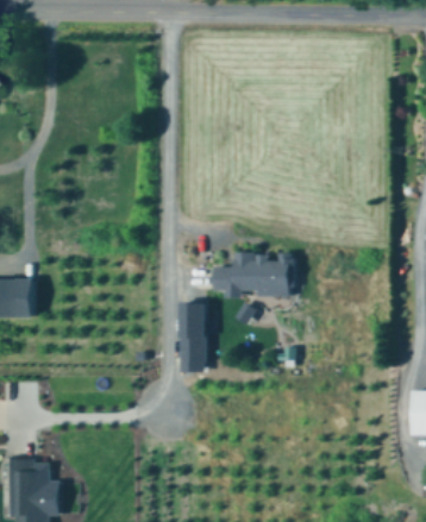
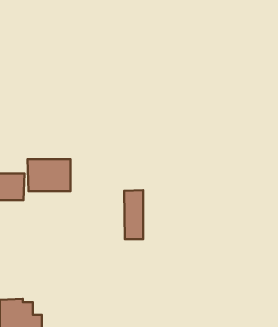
building: [218,253,299,298] -> none
building: none -> [28,159,70,191]

